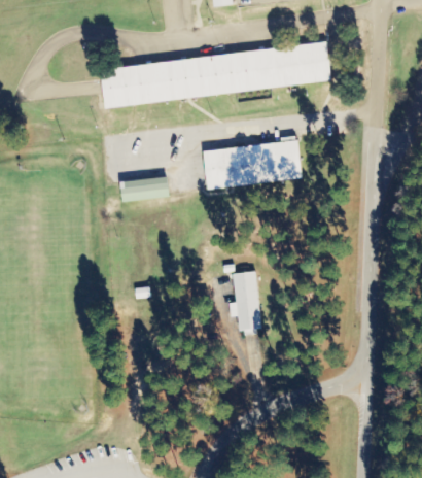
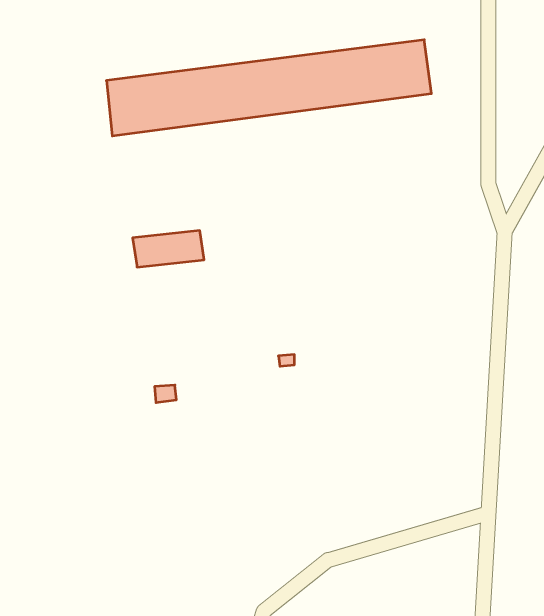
building: [203,139,302,189] -> none
building: [232,270,262,334] -> none

